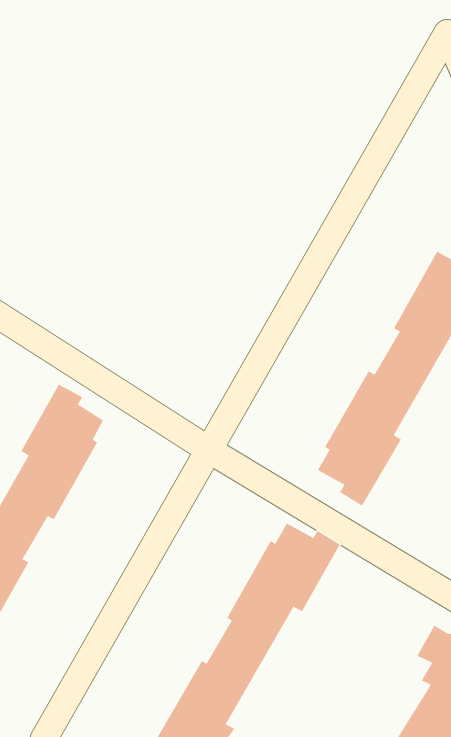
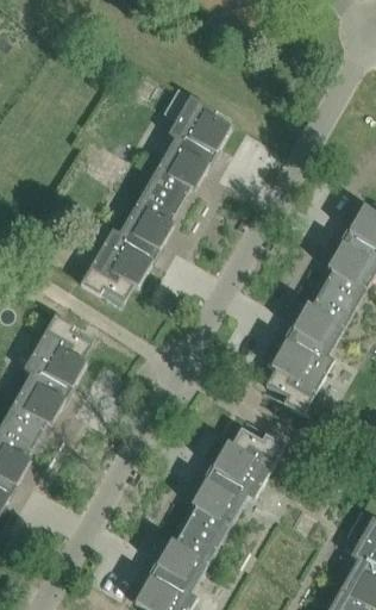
building: none -> [79,88,230,301]

